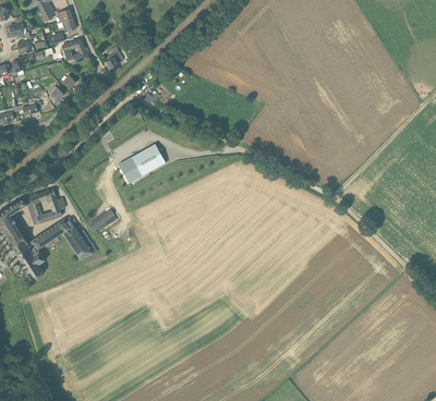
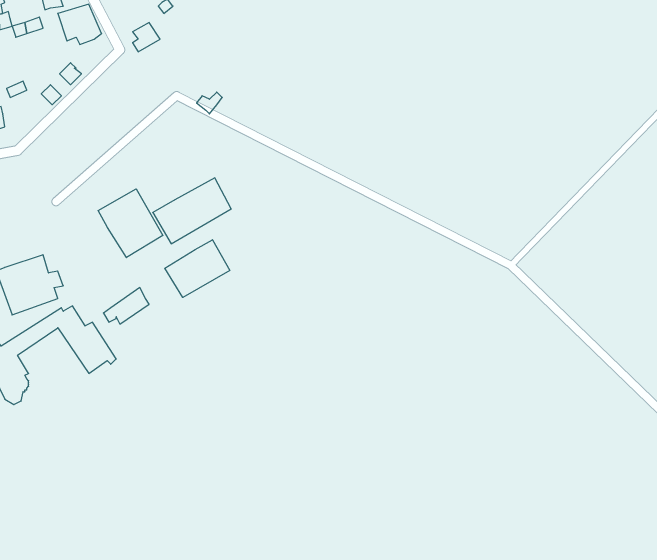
building: none -> [98,189,163,258]
building: none -> [165,240,230,297]

